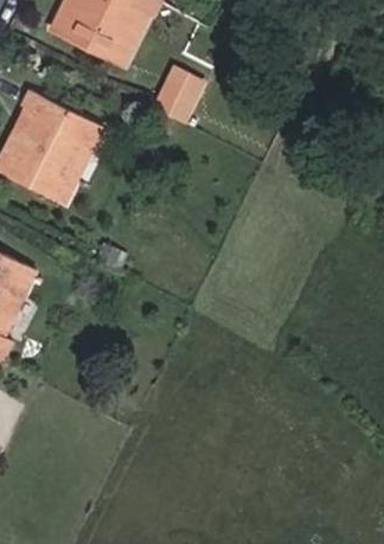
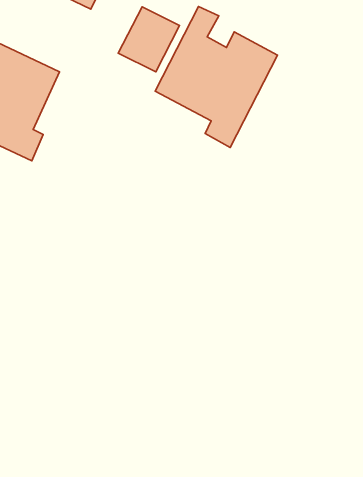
building: none -> [155,6,277,147]

